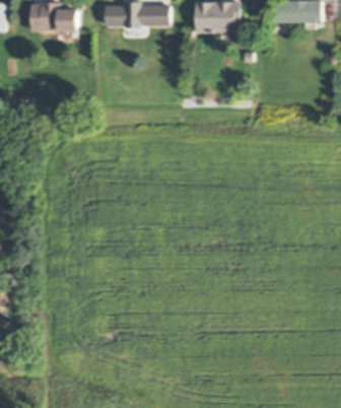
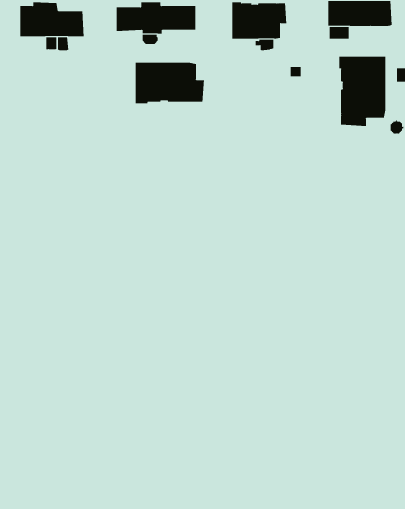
building: none -> [339,56,386,127]
building: none -> [135,62,205,104]

